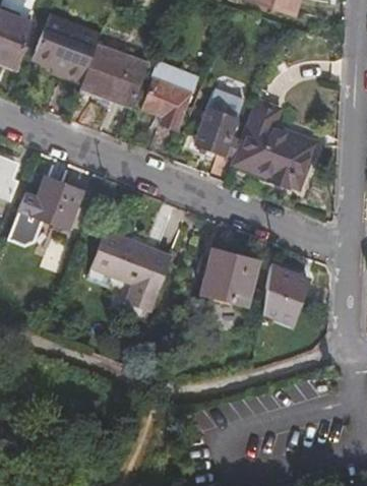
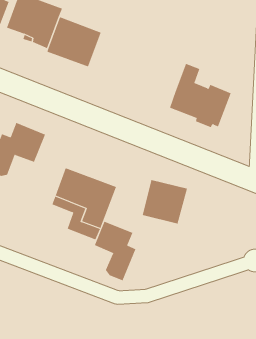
building: [142,61,197,158] -> none
building: [197,95,244,182] -> none
building: [263,260,309,323] -> none
building: none -> [94,221,136,281]

